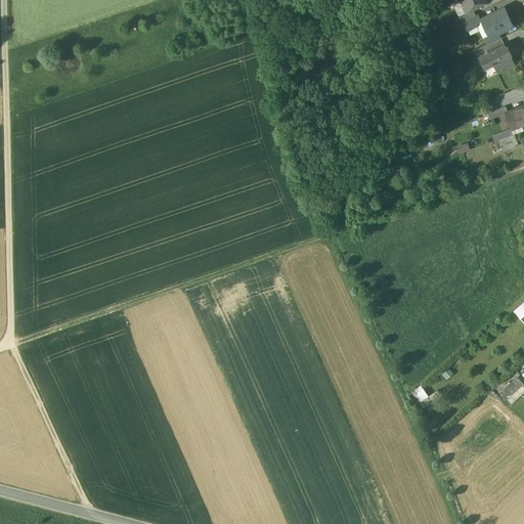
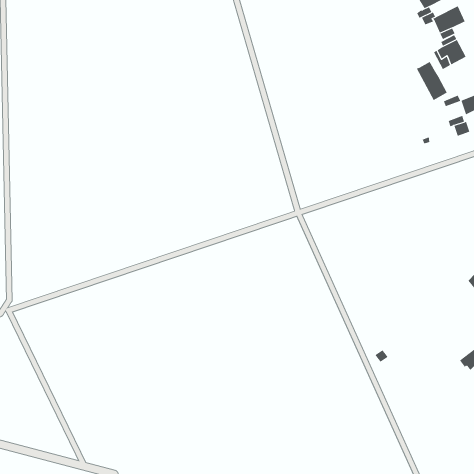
building: none -> [416,61,448,101]

